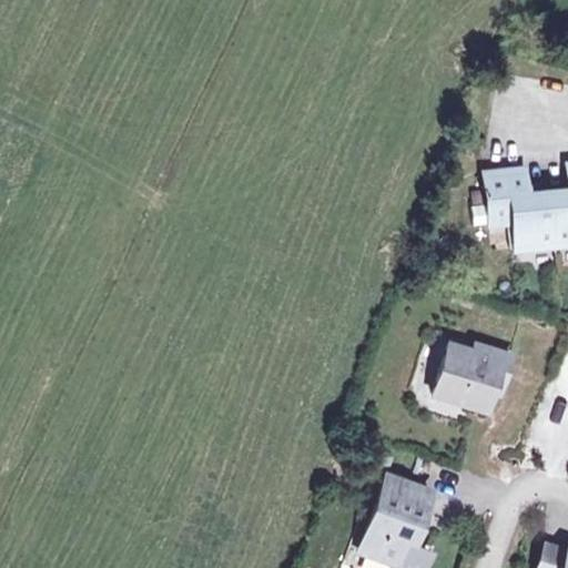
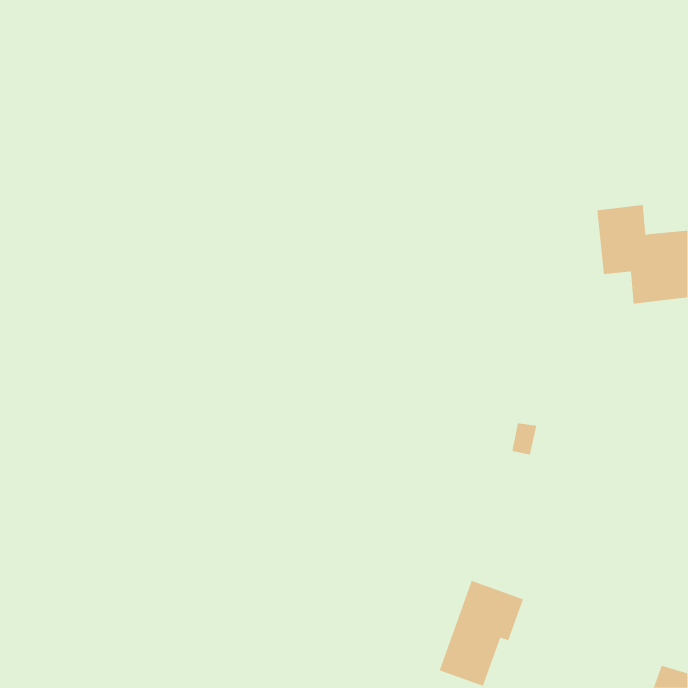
building: [434,345,513,414] -> none

